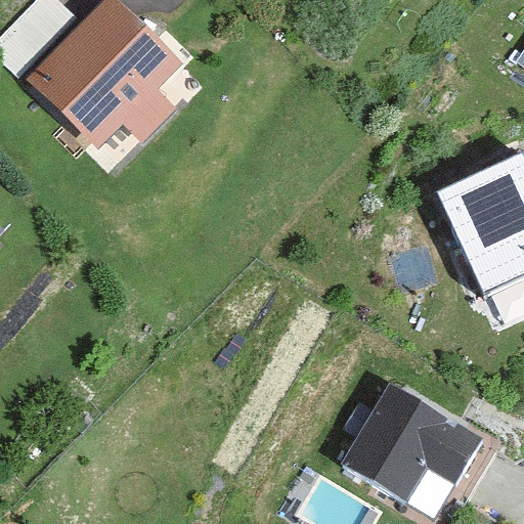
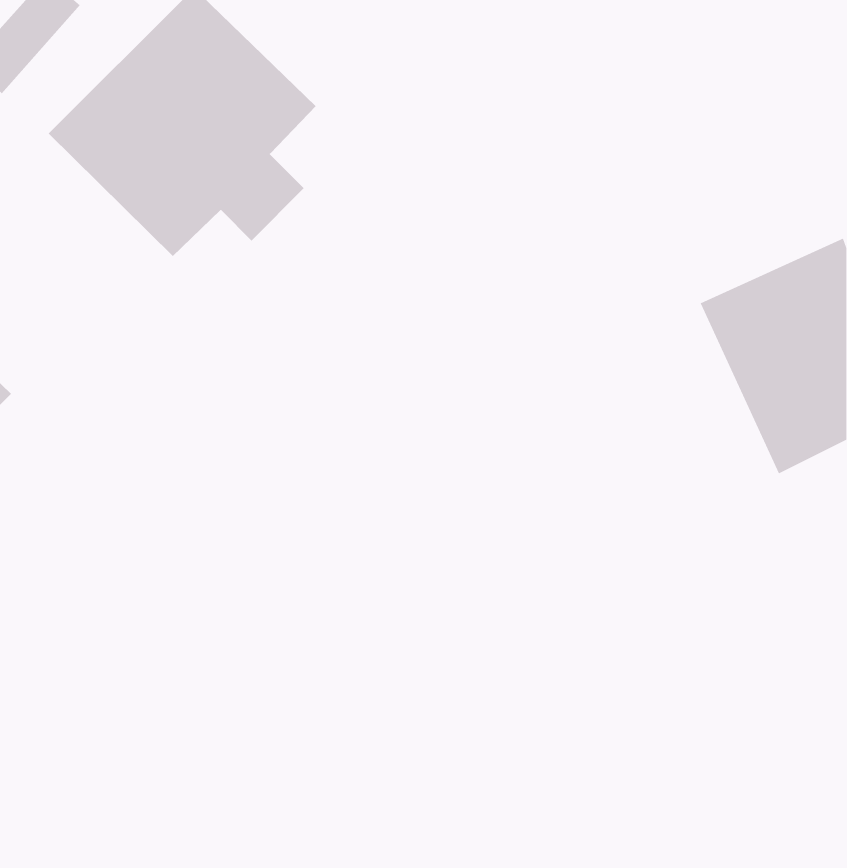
building: [342,383,489,503] -> none

